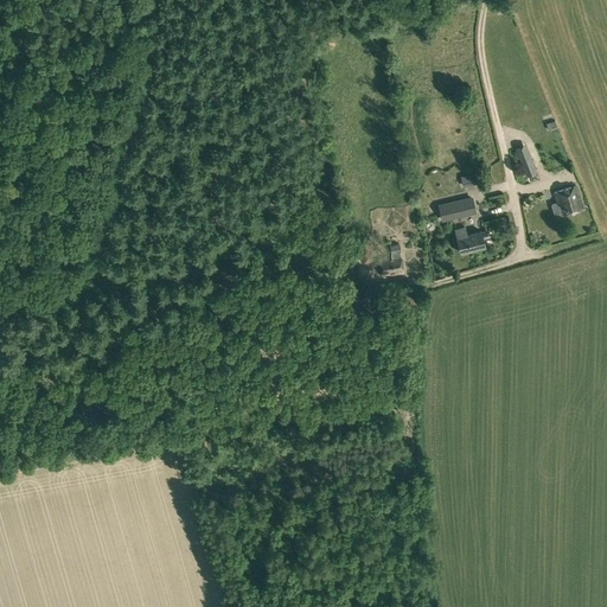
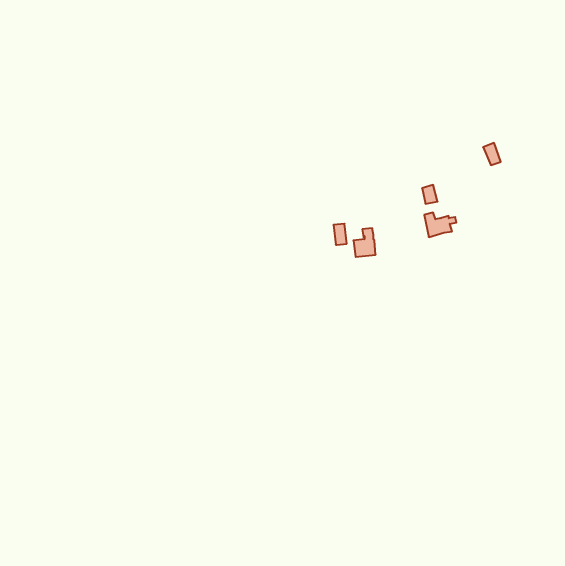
building: [550,185,582,217] -> none

